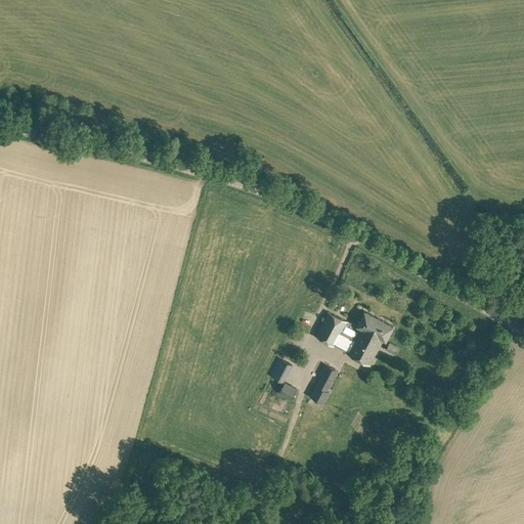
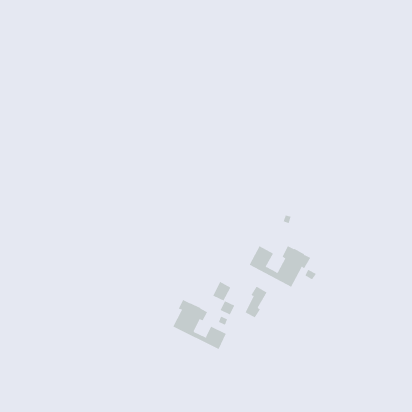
building: none -> [173,299,227,350]

